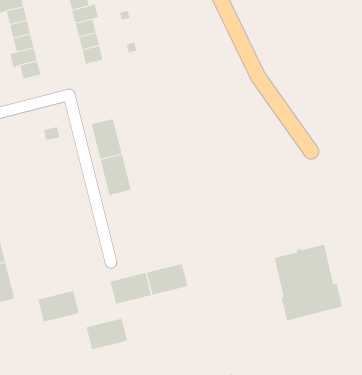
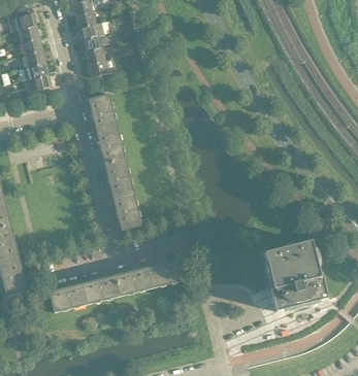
building: none -> [88,94,117,132]
building: none -> [112,192,141,230]
building: [86,318,128,350] -> [80,275,119,304]

